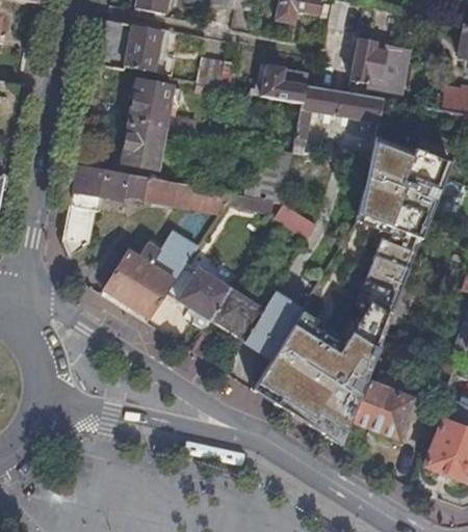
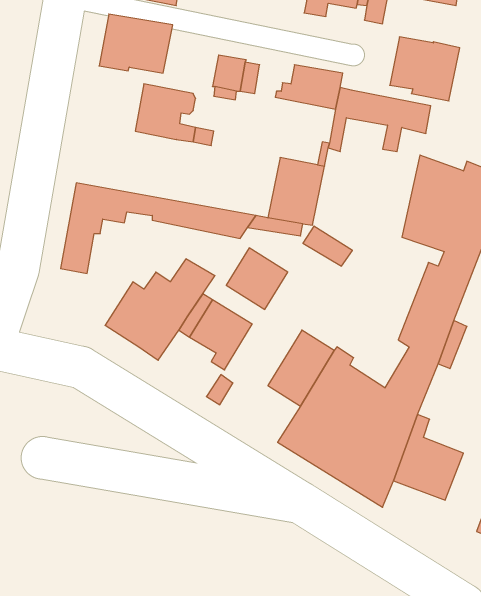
building: [121,121,164,167] -> none
building: [210,287,263,340] -> [226,248,288,309]

